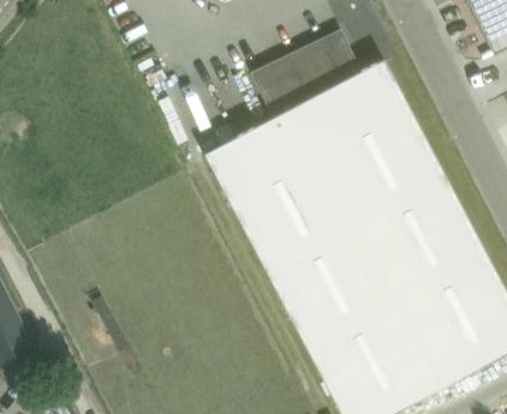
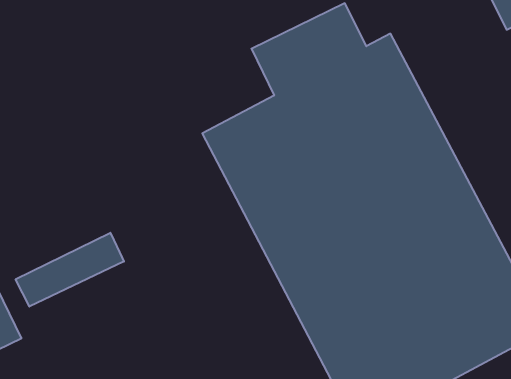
building: none -> [16,233,124,307]

